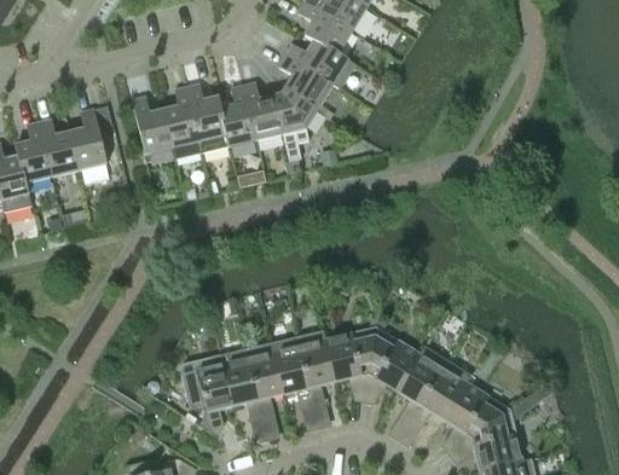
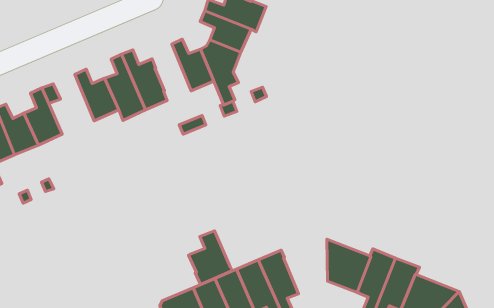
building: [220,86,255,146] -> none
building: none -> [189,231,233,285]
building: [324,328,375,382] -> none

